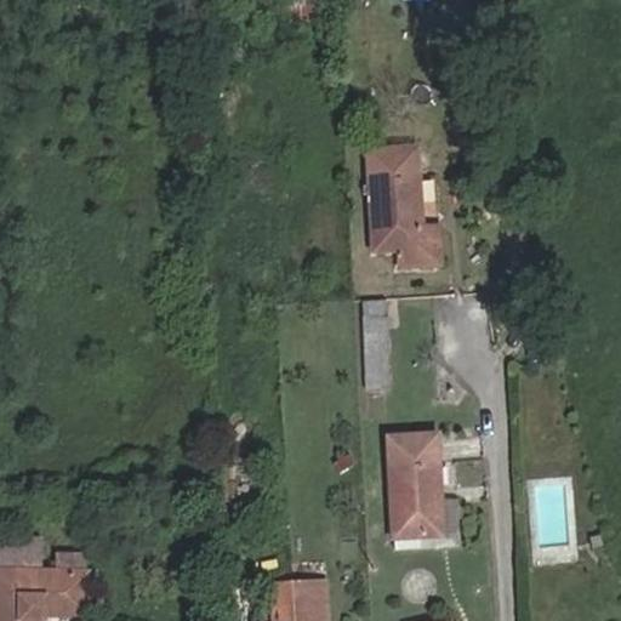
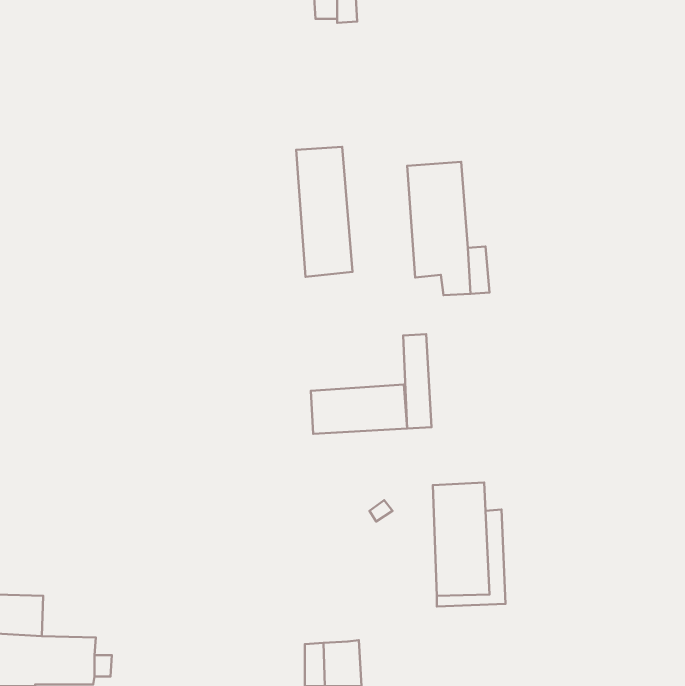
building: none -> [296,147,352,277]
building: none -> [311,385,407,434]

